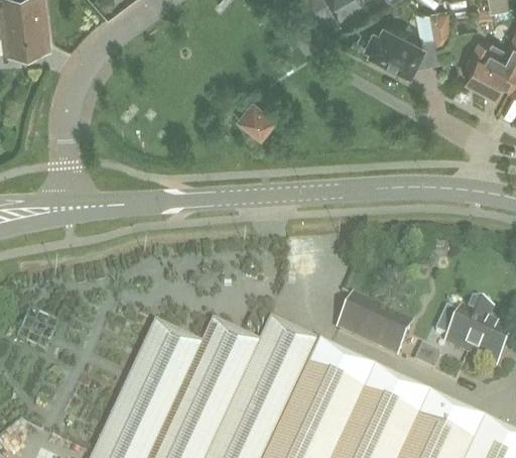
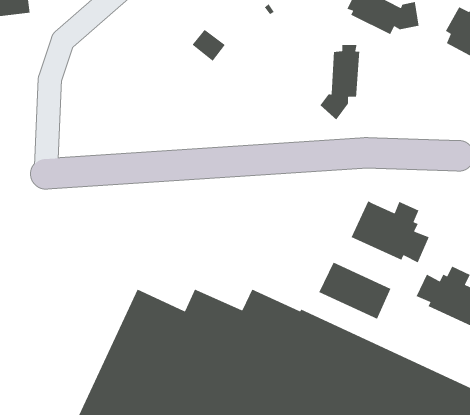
building: none -> [319,44,360,121]
building: [239,103,273,136] -> [192,29,226,62]
building: none -> [350,200,430,263]

